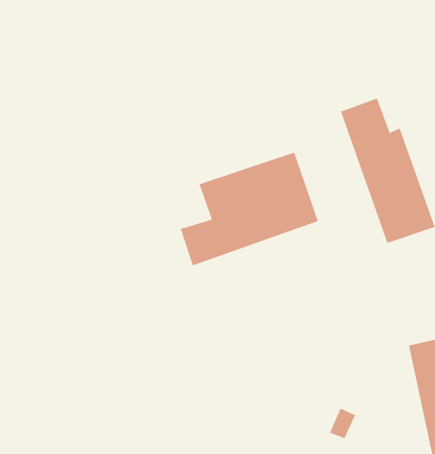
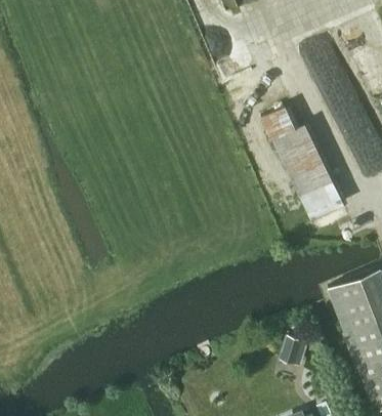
building: [180,152,318,266] -> none

